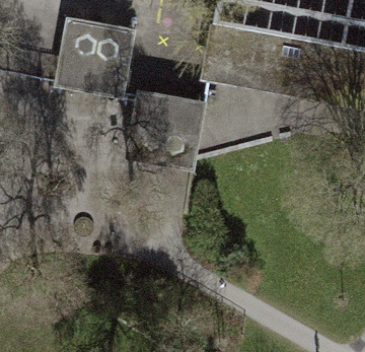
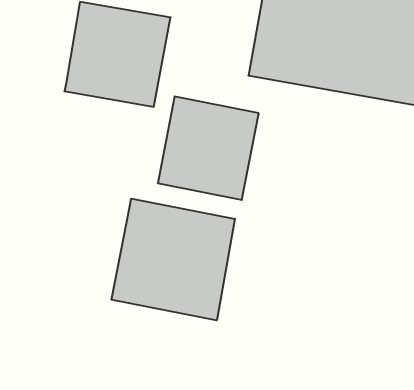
building: none -> [112,199,235,320]

